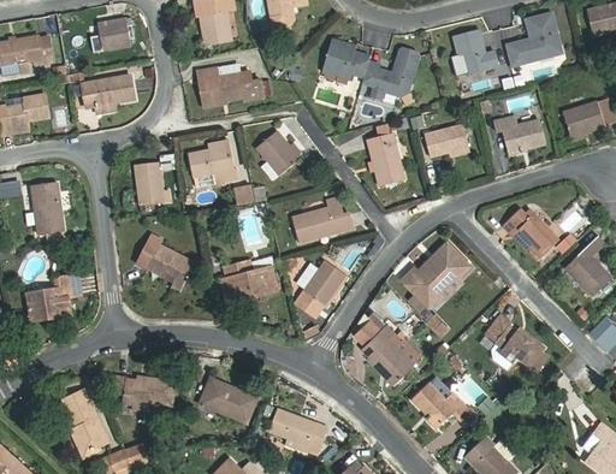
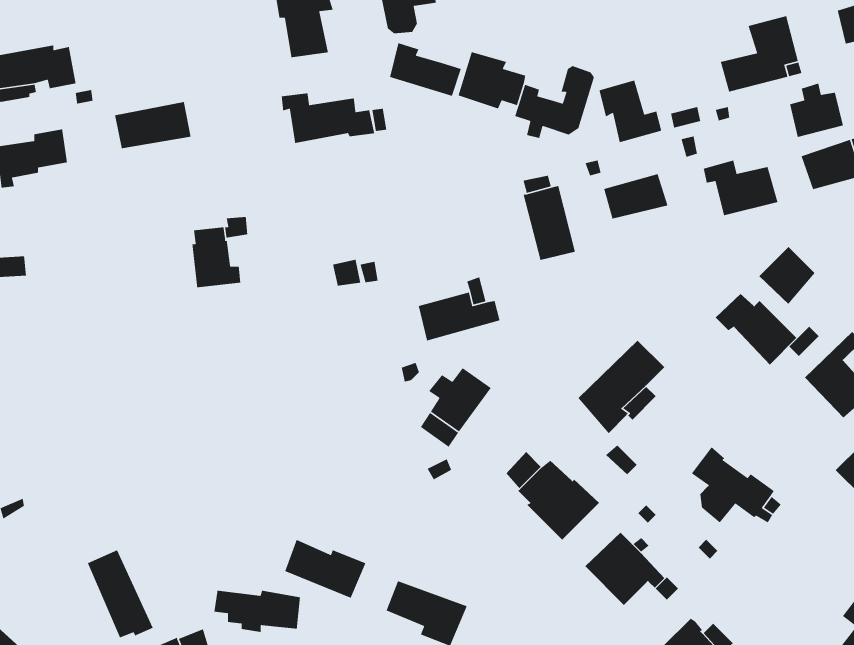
building: [97,18,131,51] -> none
building: [454,30,498,75] -> [599,80,662,143]
building: none -> [389,42,462,97]
building: none -> [789,82,844,138]
building: [256,130,300,179] -> none
building: [189,146,238,182] -> none
building: none -> [759,246,815,305]
building: [30,182,64,233] -> none
building: [137,233,195,286] -> none
building: [223,260,278,298] -> none
building: [26,274,79,316] -> none
building: [113,377,174,407] -> [213,590,301,633]

